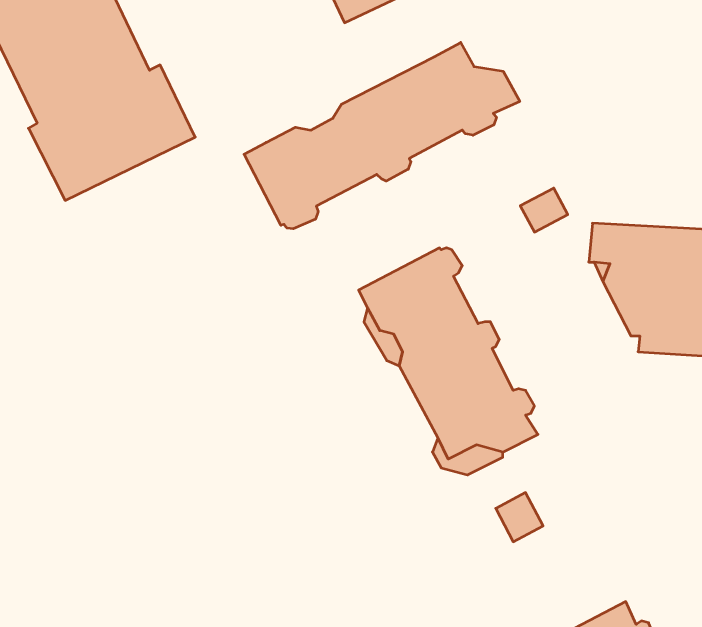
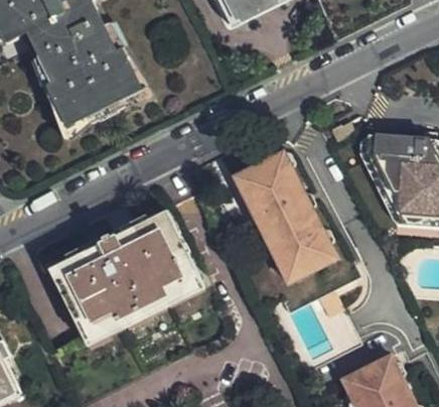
building: [244,42,520,229] -> none
building: none -> [45,207,200,338]

